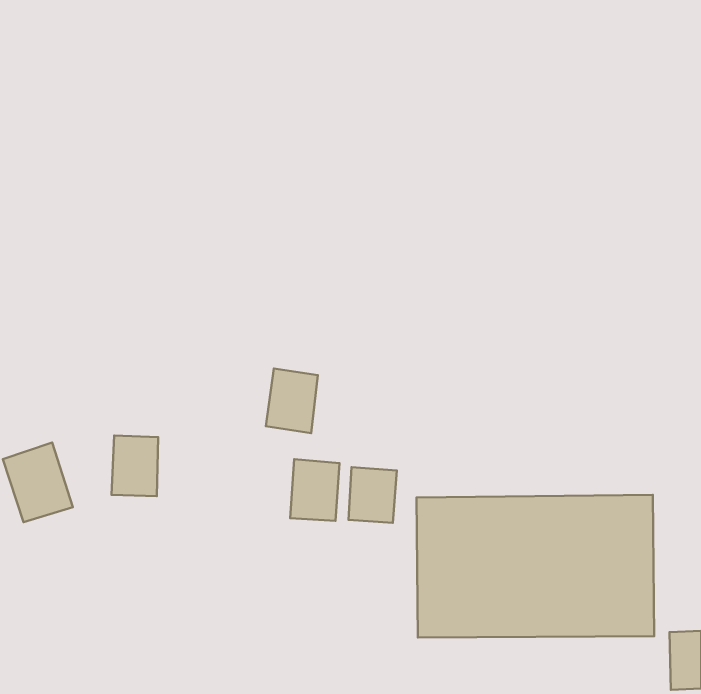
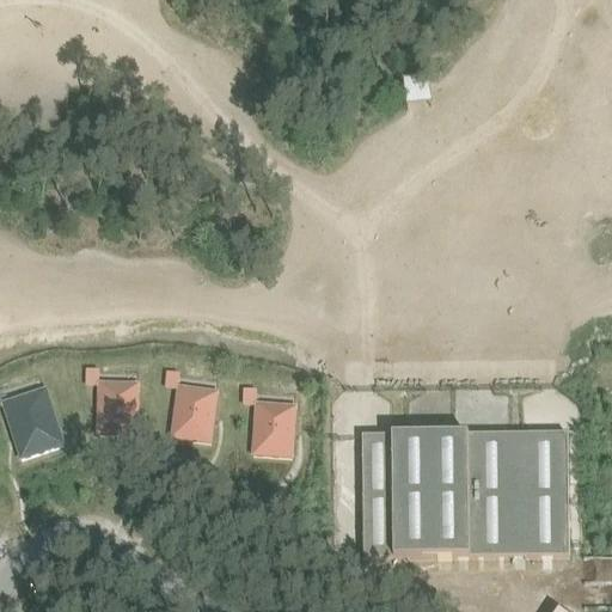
building: [266,368,318,433] -> [171,382,216,439]
building: [349,467,397,523] -> none

